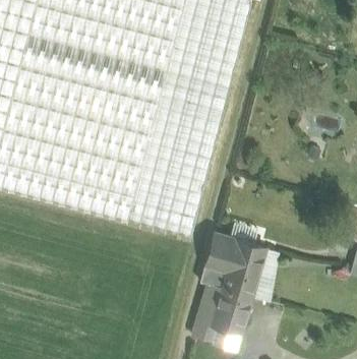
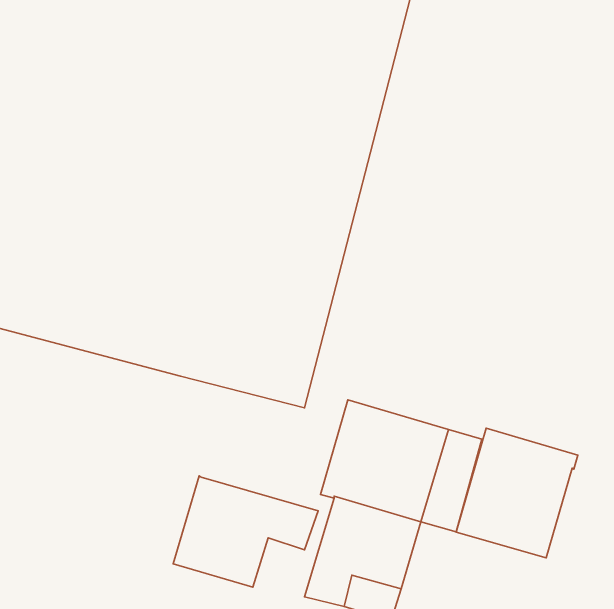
building: none -> [456,428,578,558]
building: none -> [173,476,318,587]

